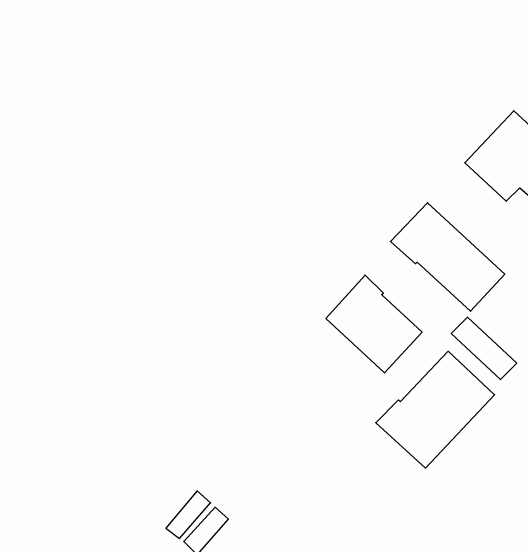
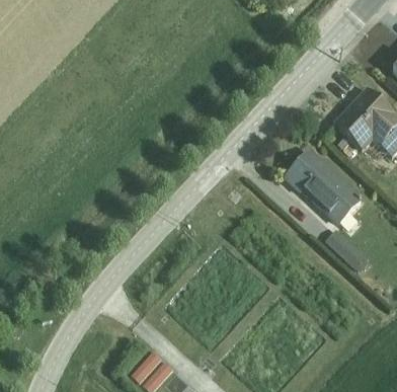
building: [326,275,422,373] -> none
building: [376,351,495,468] -> none

